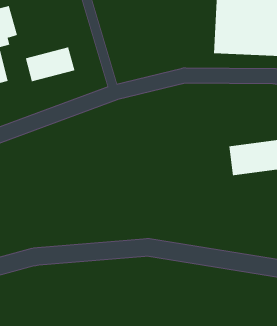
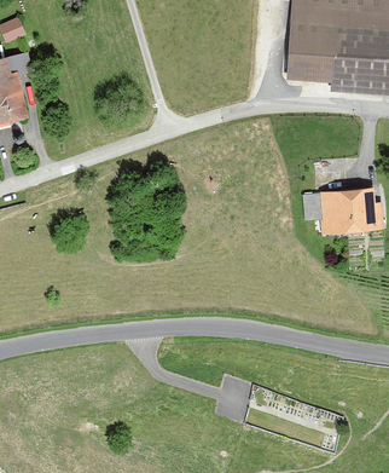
building: [25,47,75,82] -> none

